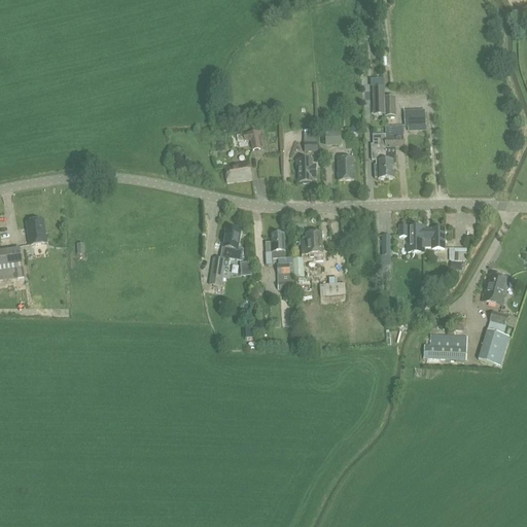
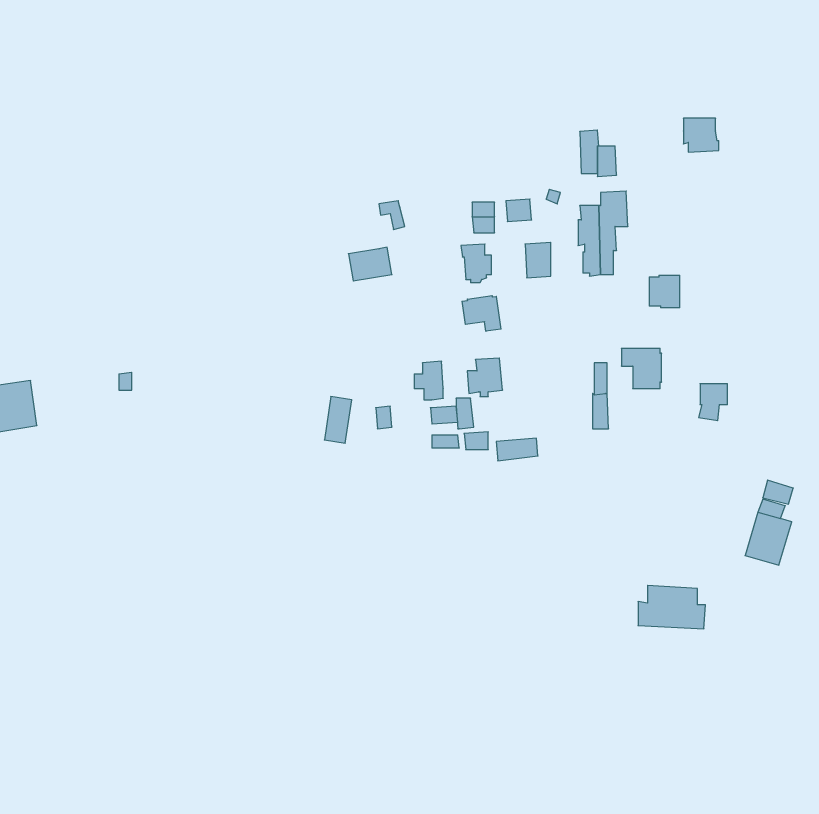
building: [403,107,426,129] -> [683,118,719,152]
building: none -> [462,296,501,331]
building: [26,217,45,242] -> none
building: [220,225,242,257] -> none
building: [424,225,444,246] -> [649,275,680,308]
building: [481,271,507,304] -> none
building: [423,331,466,359] -> [638,585,705,629]

